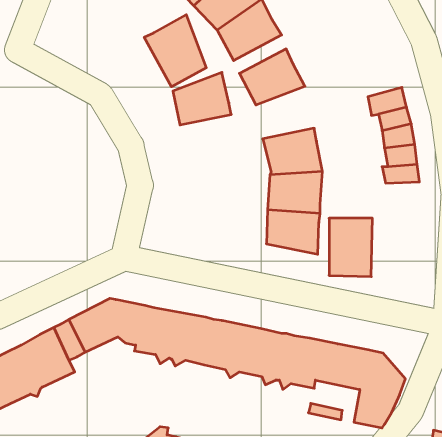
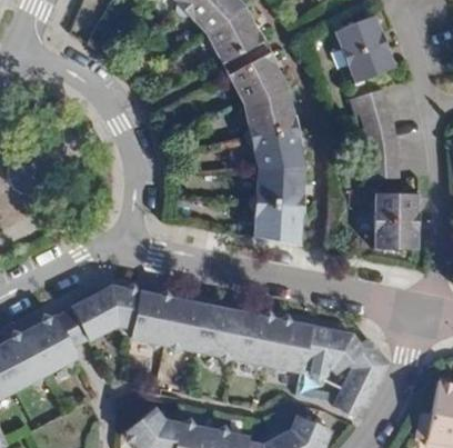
building: none -> [333,17,391,81]
building: [144,15,206,87] -> none
building: [173,72,231,125] -> [244,86,300,136]
building: [329,218,372,277] -> [373,195,414,250]

